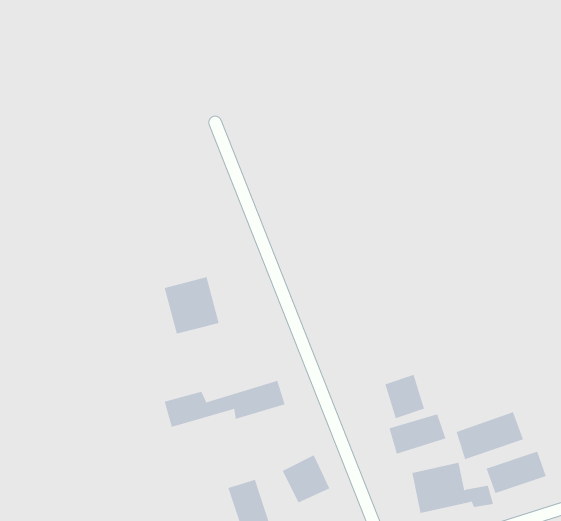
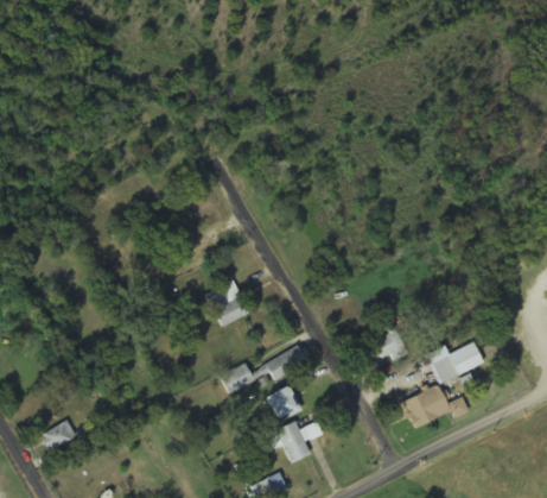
building: [389,413,446,455] -> none
building: [486,451,547,494] -> none
building: [282,455,330,503] -> [263,384,300,421]

